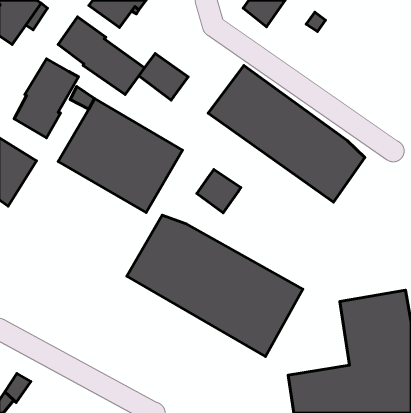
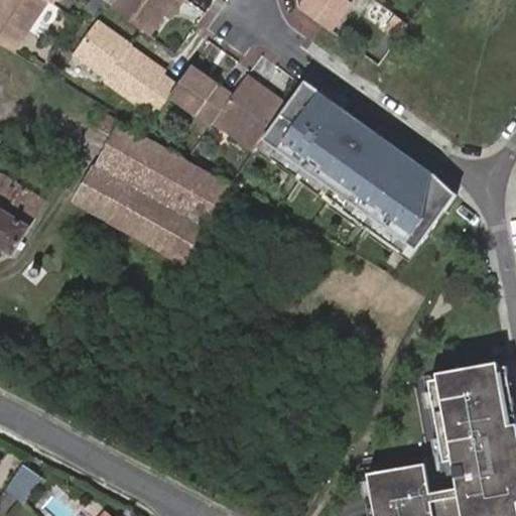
building: [14,59,78,138] -> none
building: none -> [217,76,287,149]
building: [197,169,241,213] -> none
building: [127,215,303,356] -> none

